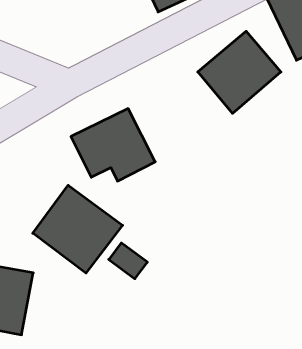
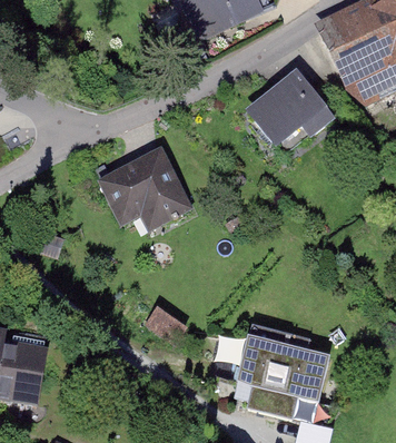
building: [33,185,123,273] -> none
building: none -> [232,334,331,414]

